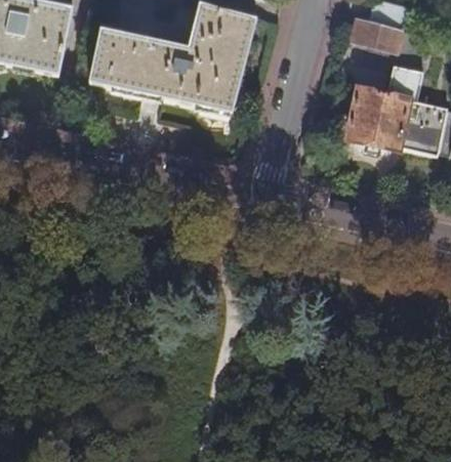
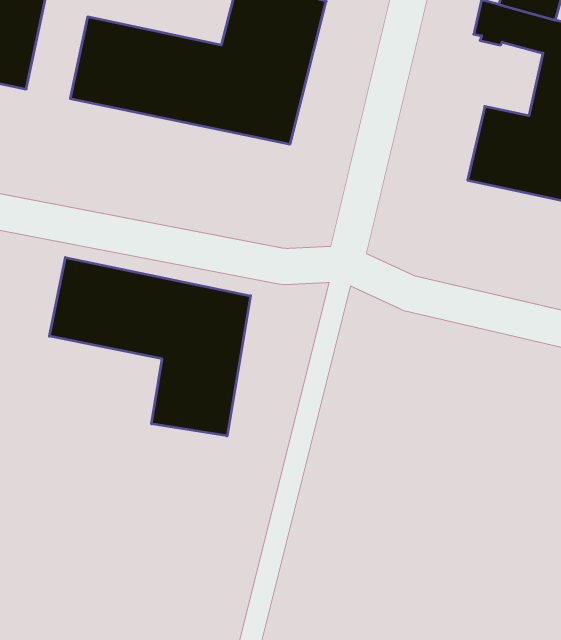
building: none -> [49,257,251,436]

